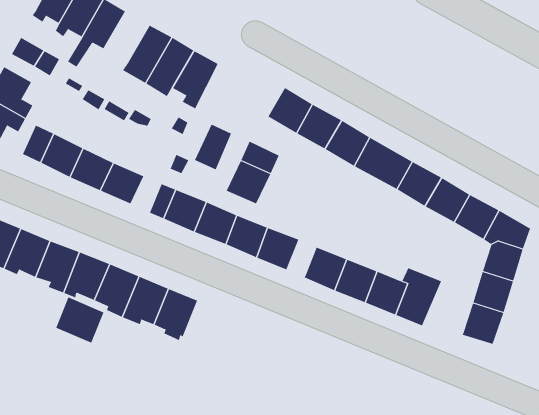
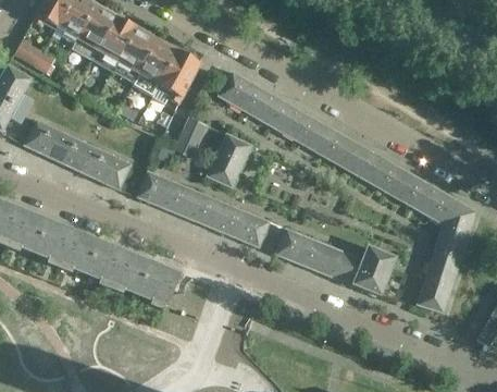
building: none -> [85,16,137,76]
building: none -> [216,70,258,110]
building: [55,296,104,344] -> none

